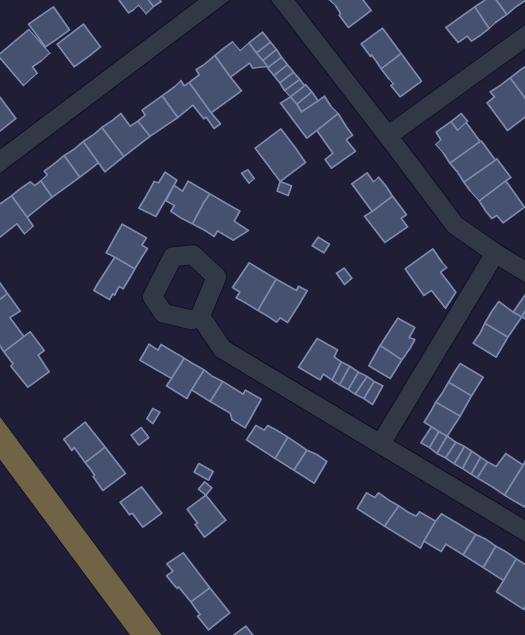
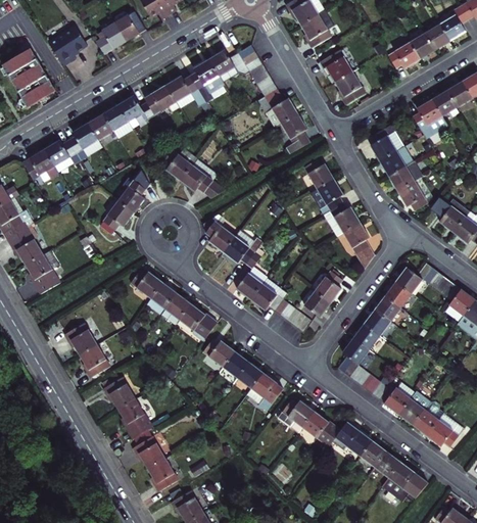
building: [28,7,69,47] -> [112,13,143,43]
building: [255,129,306,181] -> none
building: [139,172,177,217] -> none
building: none -> [324,202,360,234]
building: none -> [236,254,267,300]
building: none -> [372,295,399,322]
building: none -> [252,374,284,412]
building: [187,495,226,537] -> [120,400,148,432]

